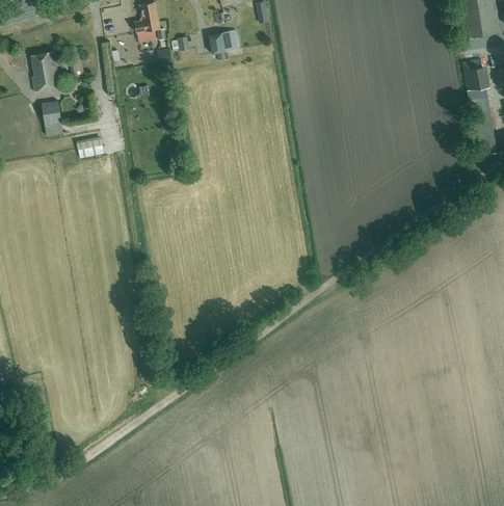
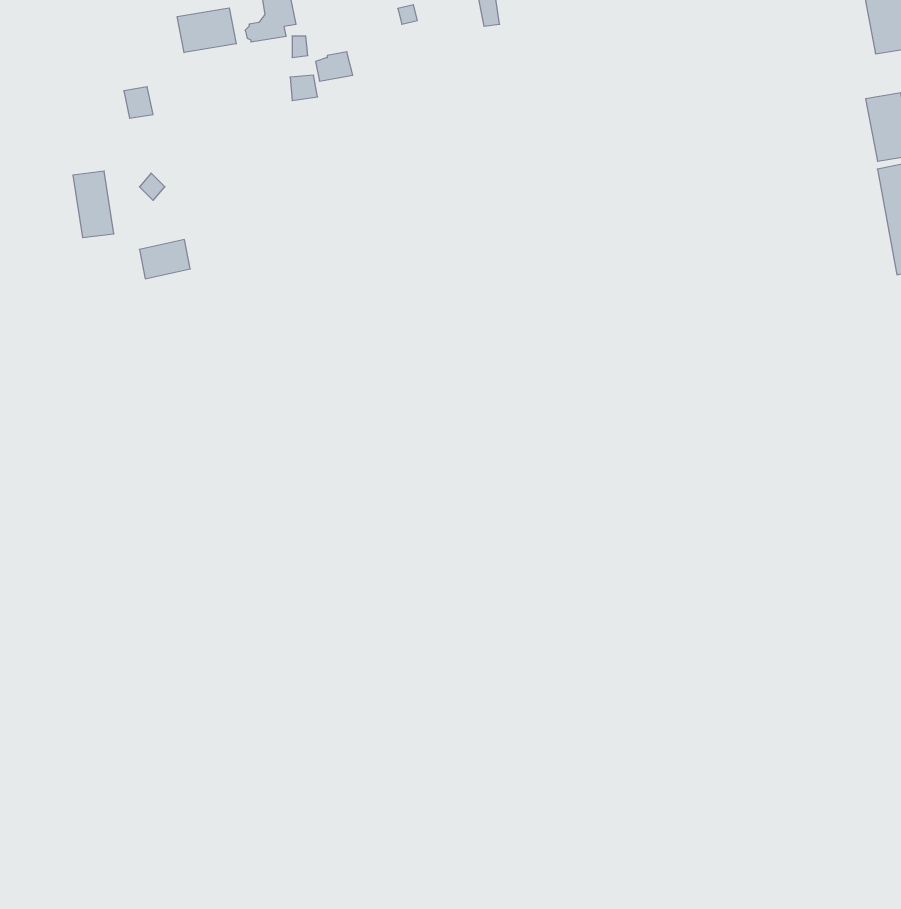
building: none -> [177,8,236,53]
building: [209,30,237,53] -> none
building: [31,52,60,91] -> none

